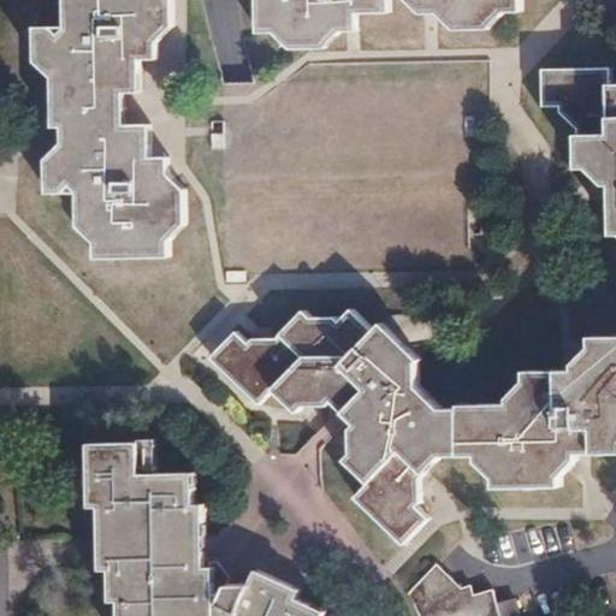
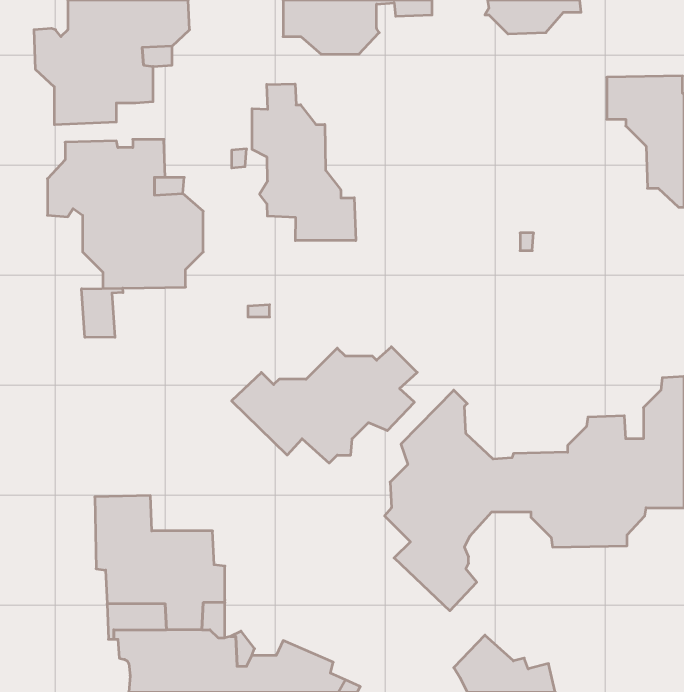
building: none -> [252,84,356,241]
building: [47,91,120,131] -> none
building: none -> [82,288,123,337]
building: [312,322,403,424] -> none

